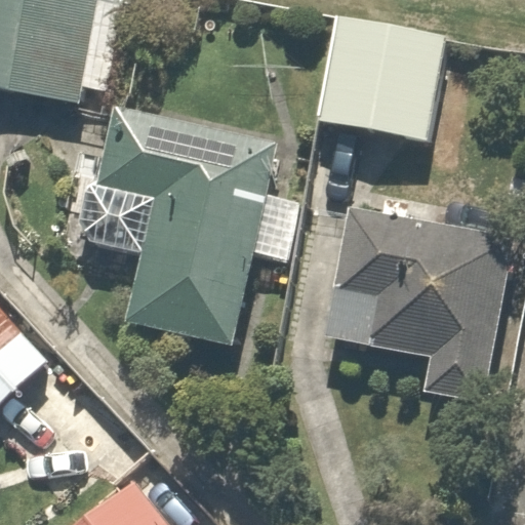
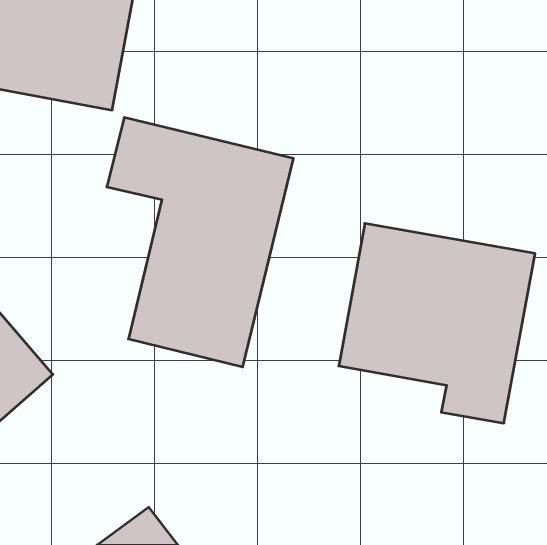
building: [315,8,444,134] -> none

